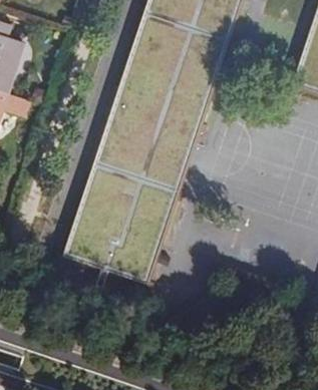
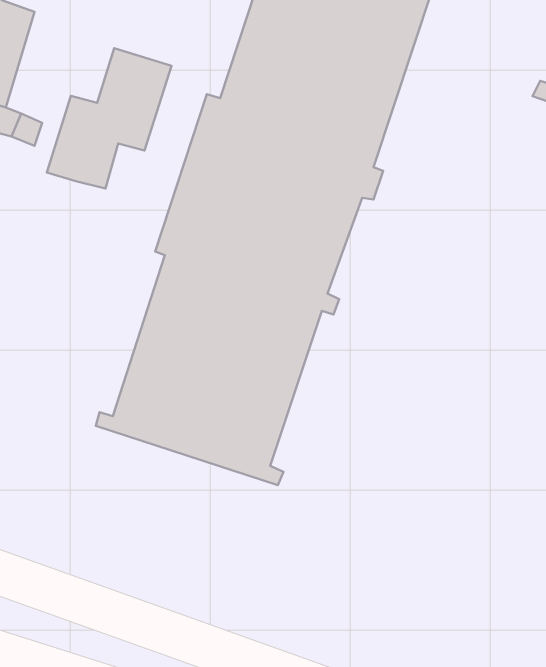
building: none -> [47,48,172,189]

